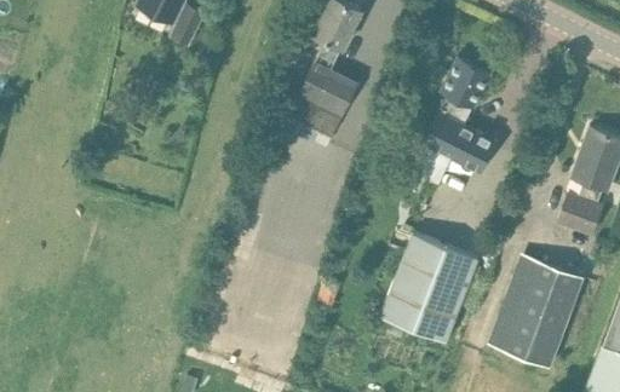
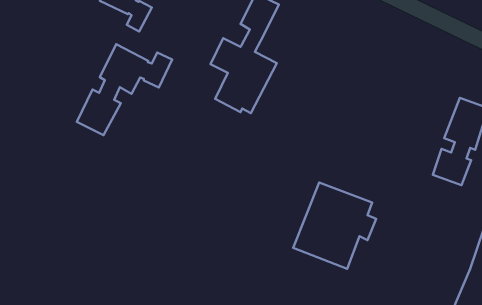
building: [415,57,498,185] -> none
building: none -> [77,44,172,135]
building: [488,252,585,367] -> none

